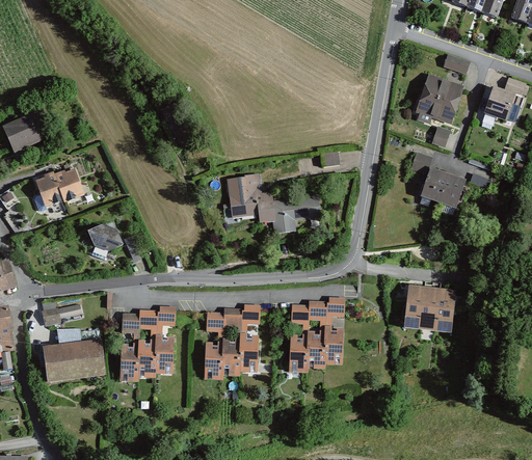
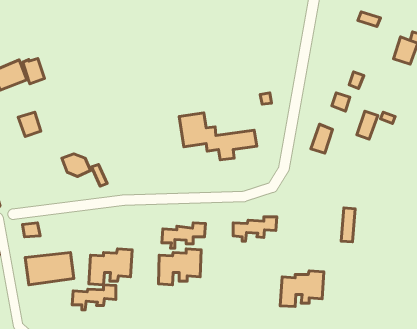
building: [416,74,462,121] -> none
building: [423,166,449,200] -> [311,124,333,153]
building: [55,169,81,199] -> [23,59,45,84]
building: [406,287,424,327] -> none
building: [434,289,451,329] -> none
building: [121,307,172,337] -> [72,285,116,310]
building: [290,328,342,371] -> [280,271,324,307]

